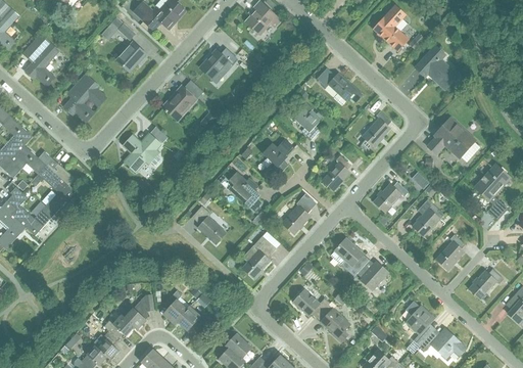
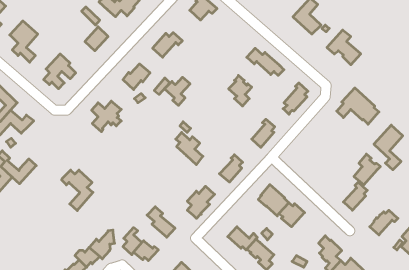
building: [262,138,293,173] -> [164,77,190,105]
building: [36,163,75,213] -> [62,170,93,211]
building: [373,181,407,211] -> none
building: [411,198,443,236] -> [354,154,380,185]
building: [191,205,226,243] -> [147,207,175,237]

